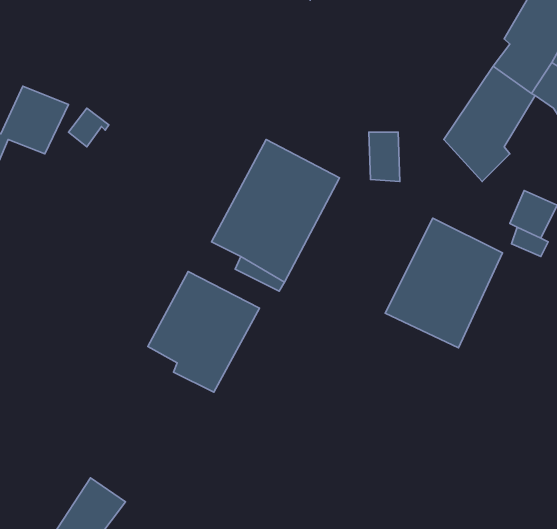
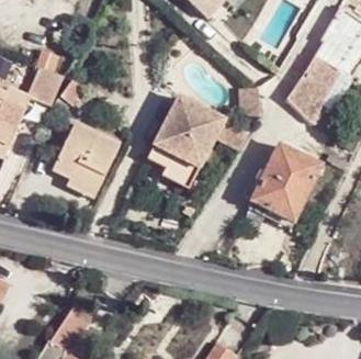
building: [148,271,260,392] -> [53,123,120,195]

